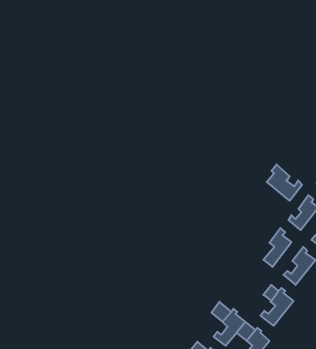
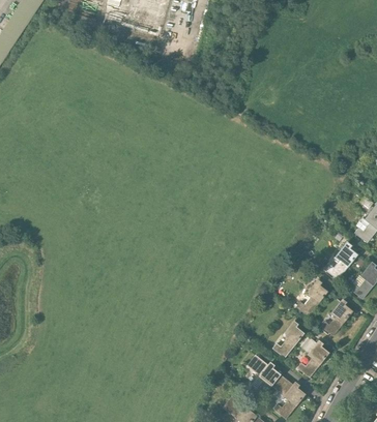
building: [267,164,302,201] -> none
building: none -> [271,318,304,357]

